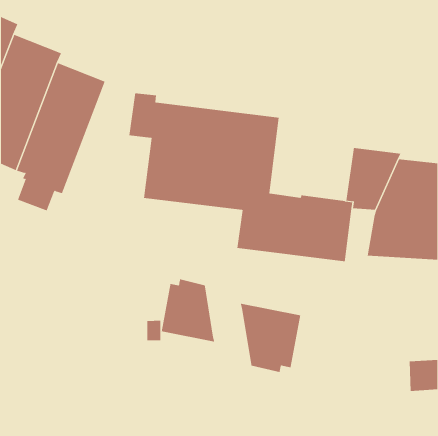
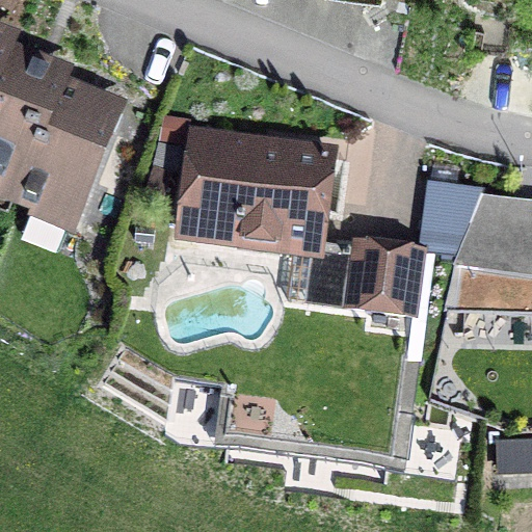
building: [161,279,215,343] -> none
building: [240,303,301,373] -> none

